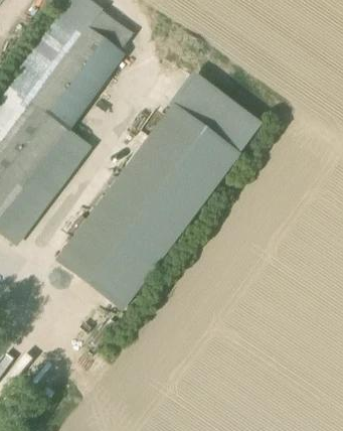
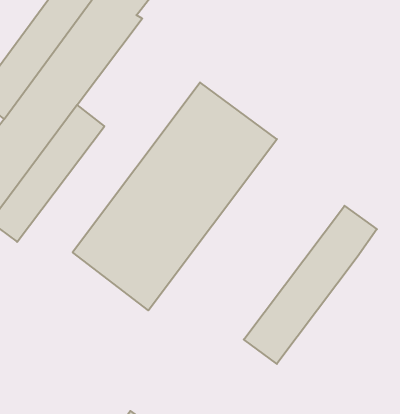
building: [171,76,261,157] -> none
building: none -> [244,206,377,364]

